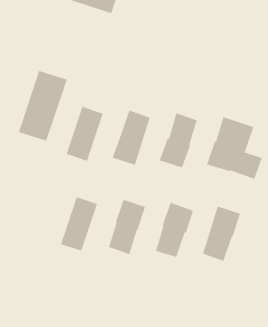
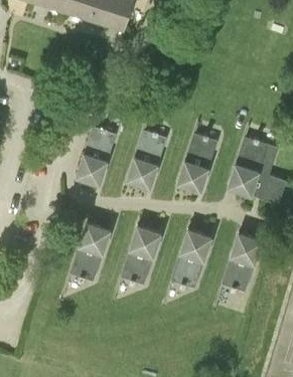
building: [18,70,67,142] -> none

